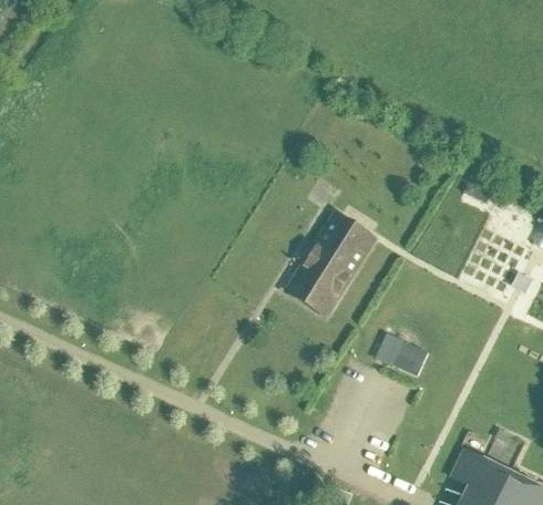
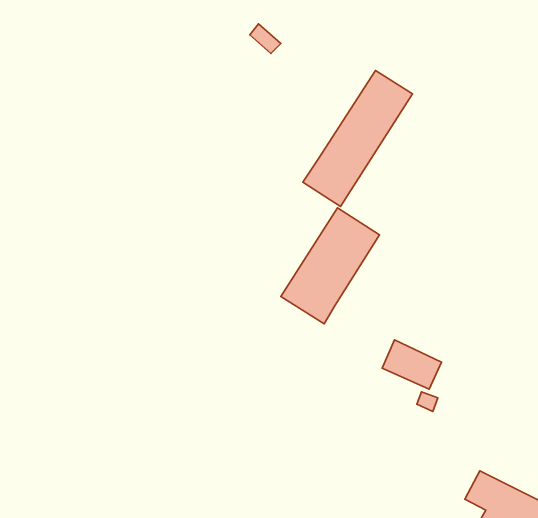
building: none -> [303,71,413,207]

